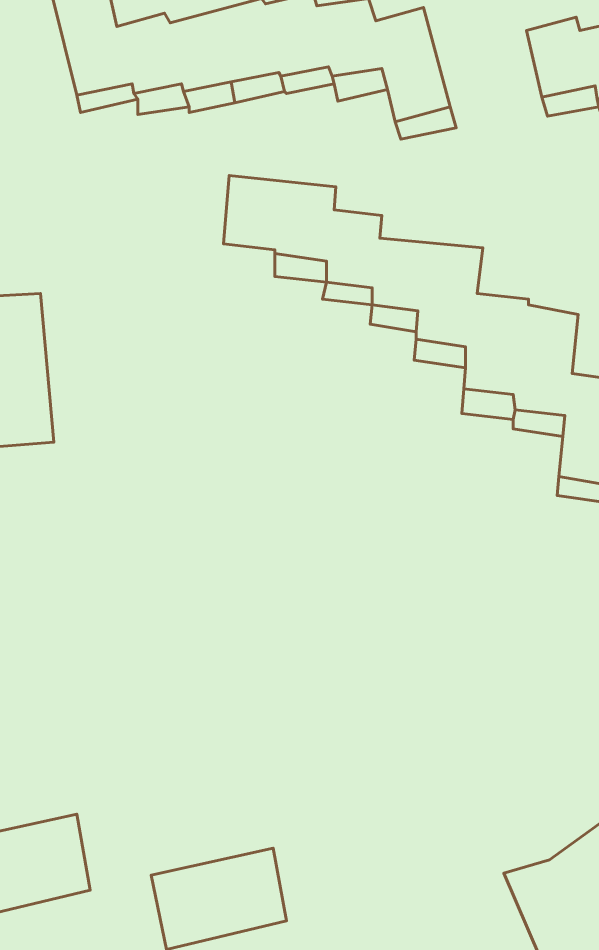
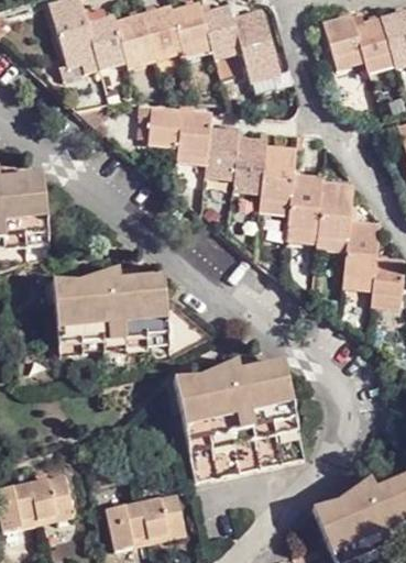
building: none -> [52,265,172,367]
building: none -> [173,357,300,465]

